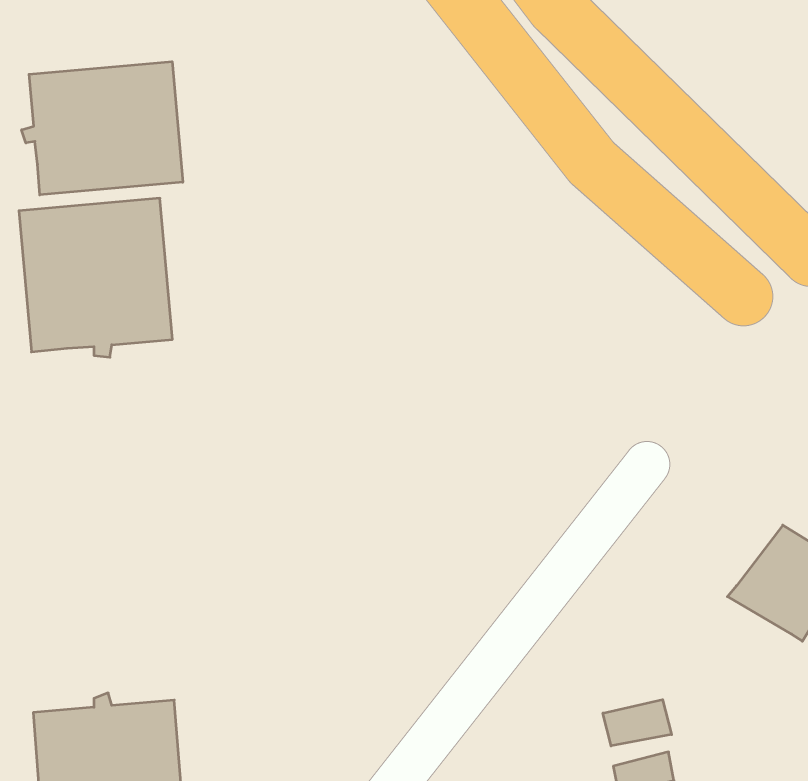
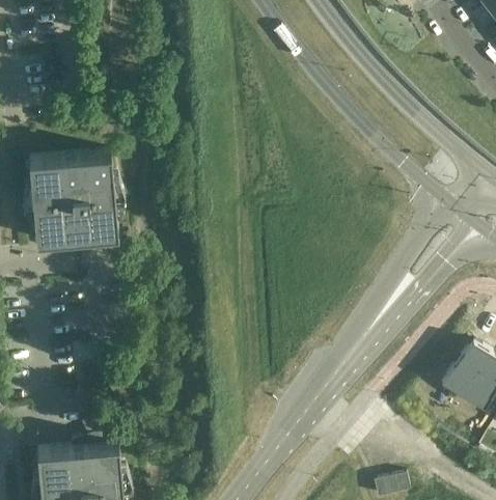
building: [22,62,183,195] -> none
building: [603,700,672,746] -> none

